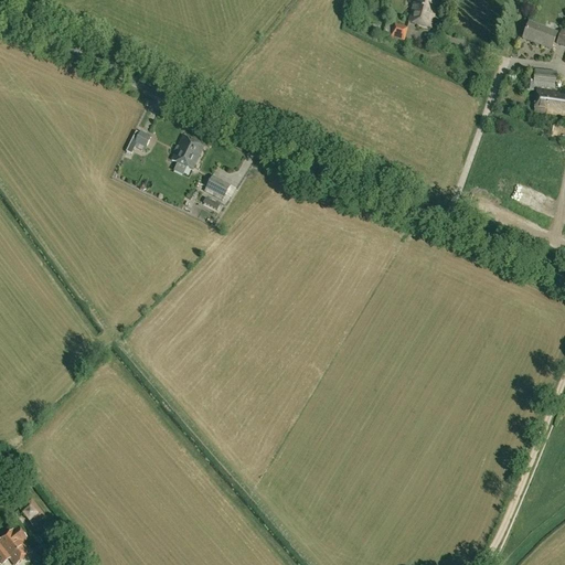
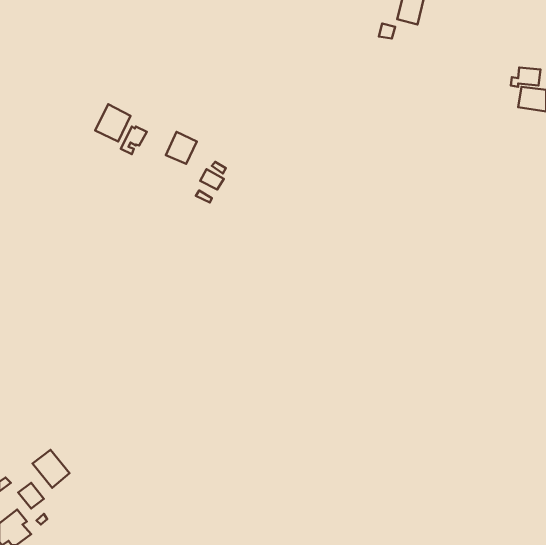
building: [523,21,558,49] -> none
building: none -> [95,104,130,142]
building: none -> [33,450,70,488]

